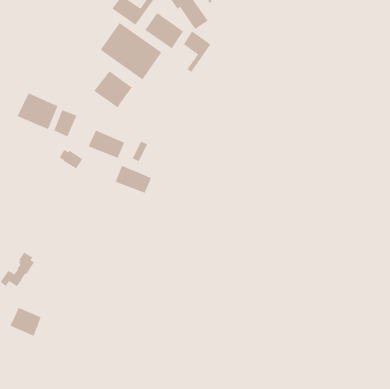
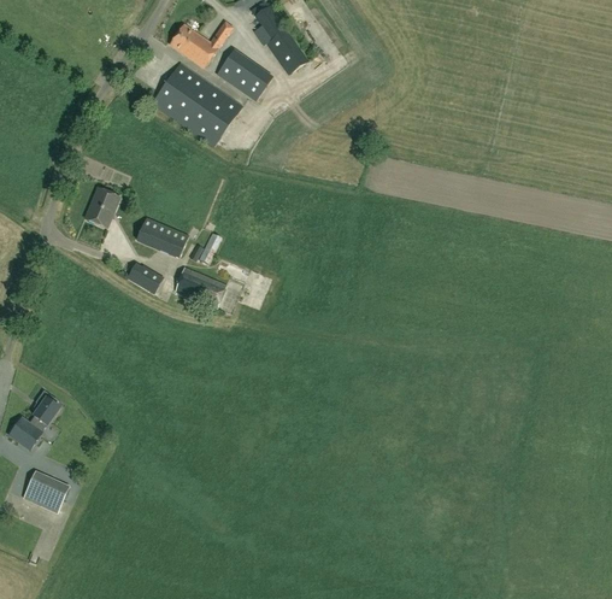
building: [183,31,211,73] -> none
building: [93,70,132,108] -> none
building: [17,92,58,130] -> none
building: [59,149,83,169] -> [128,264,163,293]

